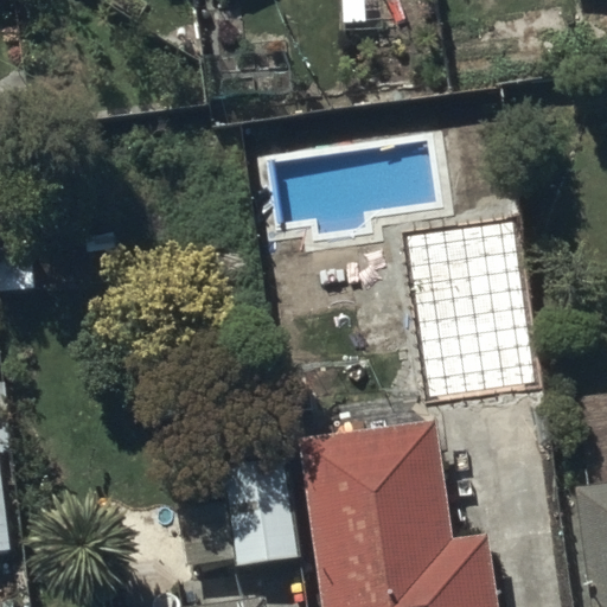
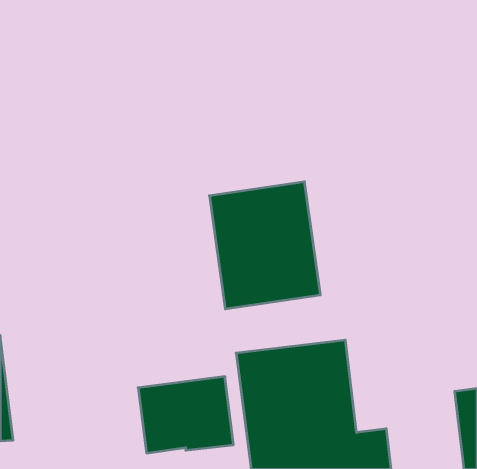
building: [397,226,538,388] -> [209,182,320,309]

